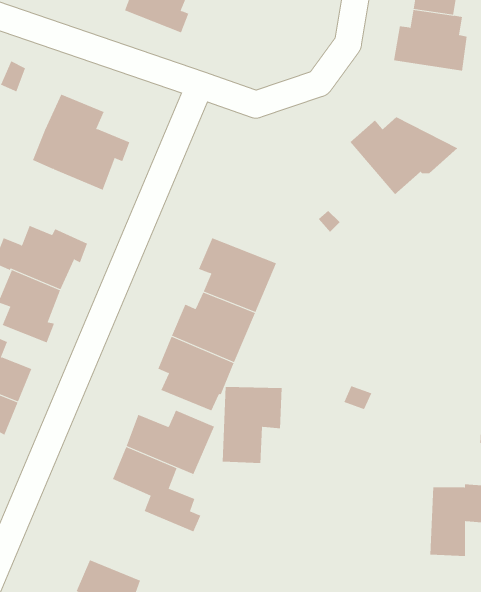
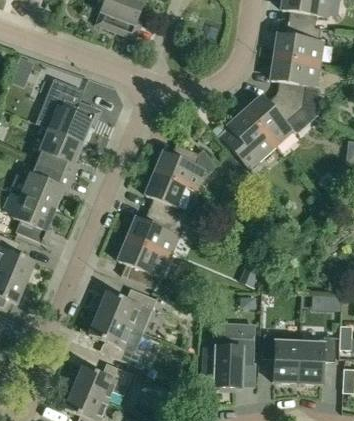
building: none -> [270,57,320,115]
building: none -> [223,111,275,171]
building: none -> [36,129,82,178]
building: none -> [154,144,217,191]
building: [222,386,282,463] -> [213,334,253,385]
building: none -> [262,335,300,384]
building: none -> [73,363,132,401]

